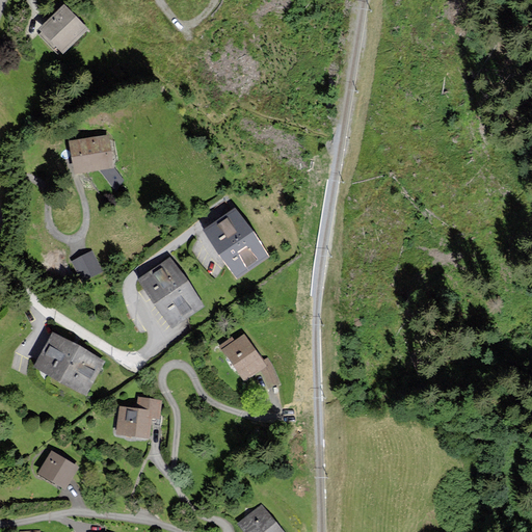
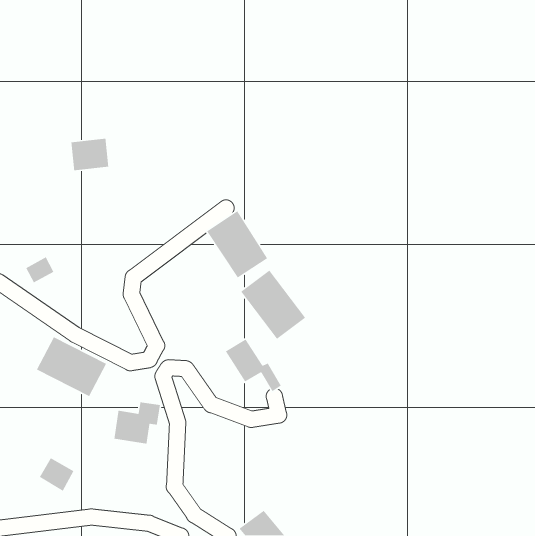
building: [39,6,83,49] -> none
building: [71,250,100,277] -> [25,256,55,284]
building: [139,257,205,326] -> [240,270,306,340]

